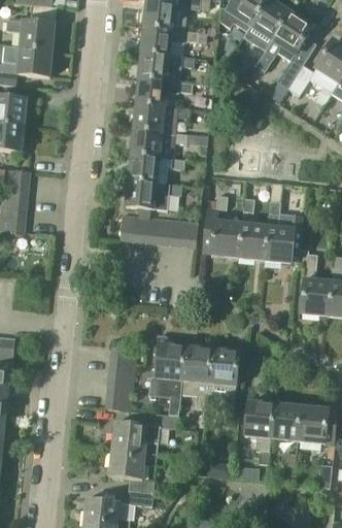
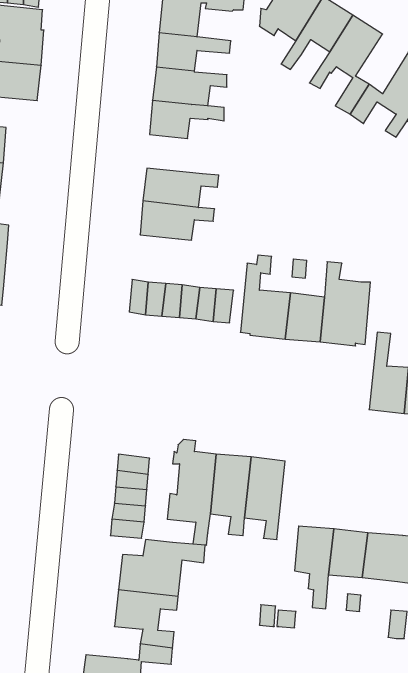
building: [133,103,190,133] -> none
building: [125,179,182,208] -> none

